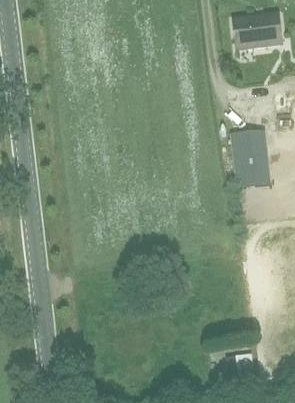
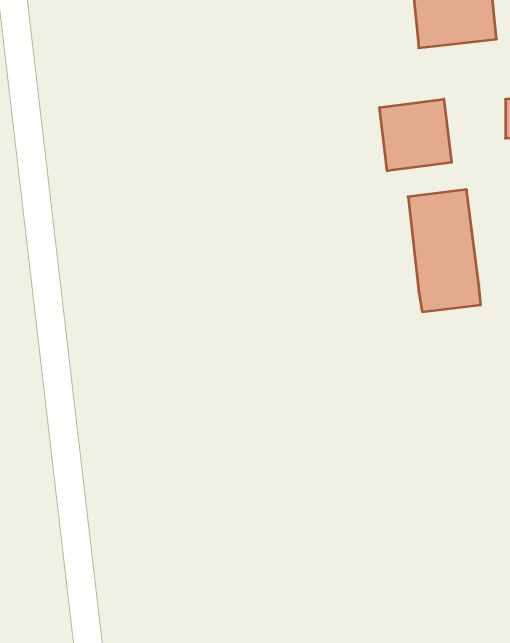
building: none -> [380,99,452,171]

